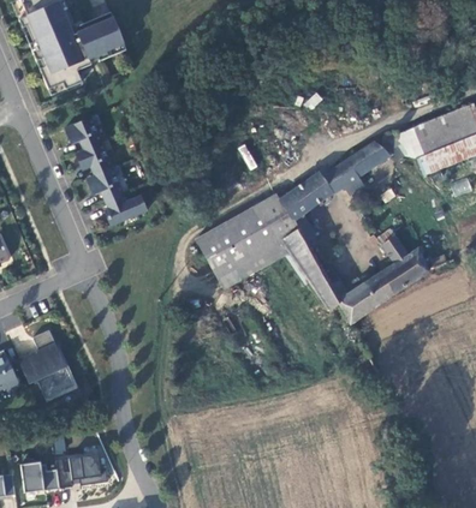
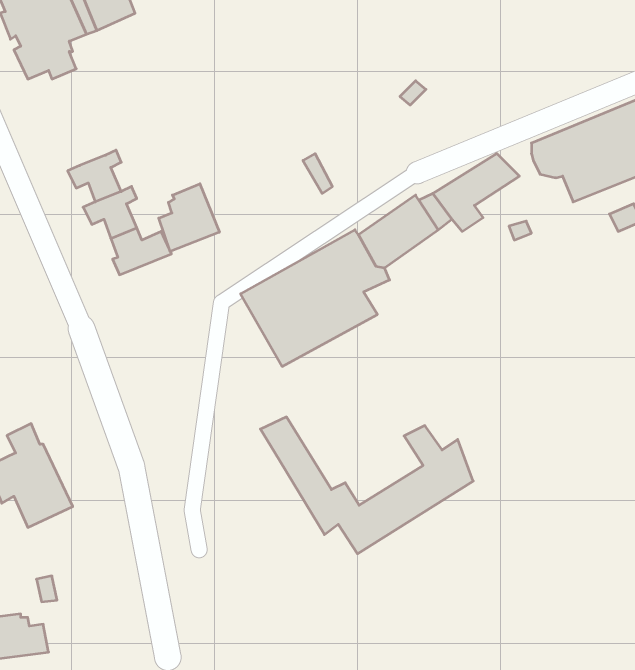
building: [64,114,101,150] -> none
building: none -> [159,184,219,251]
building: [280,229,428,324] -> [260,417,473,554]
building: [56,454,109,488] -> none

